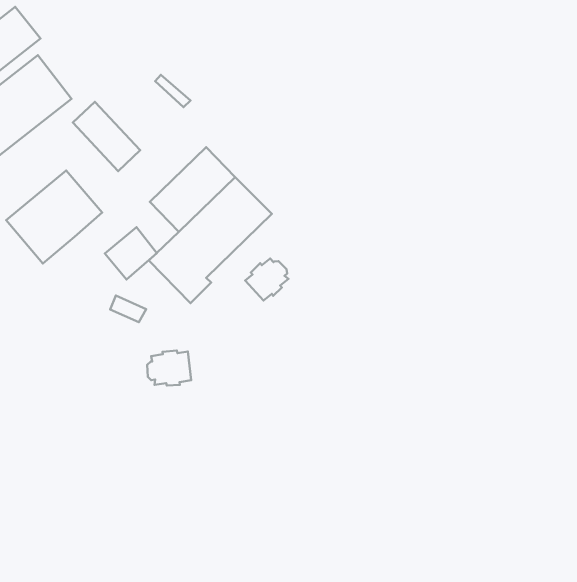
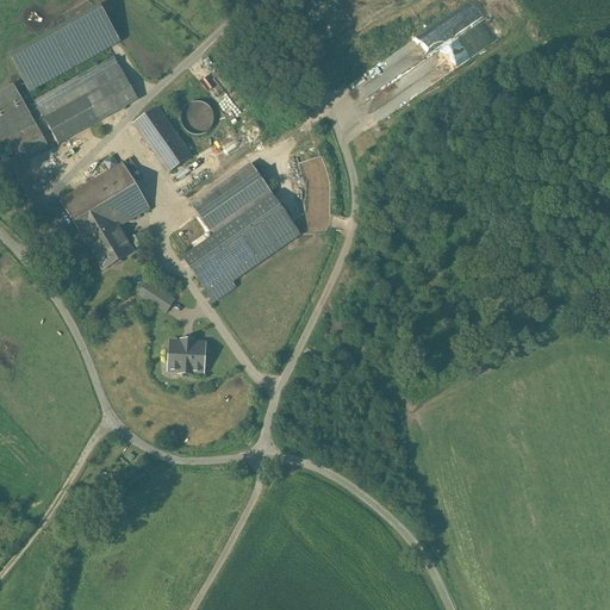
building: none -> [182,99,216,132]
building: [105,227,157,279] -> [88,223,135,268]
building: [245,258,288,301] -> none

